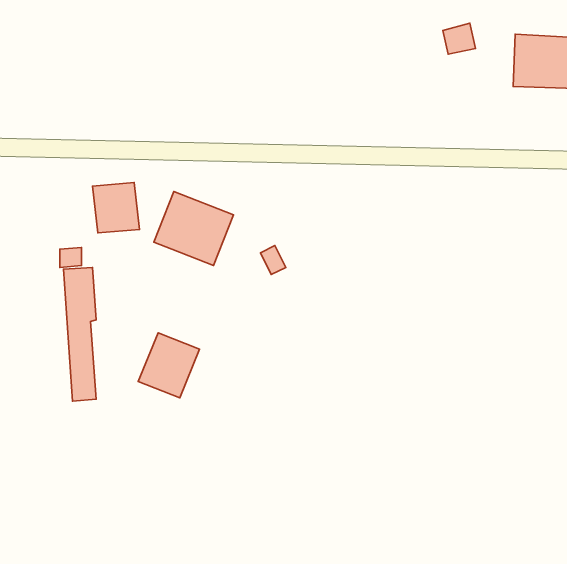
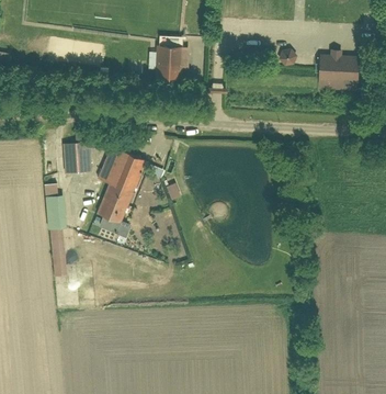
building: none -> [159,43,188,77]
building: [138,333,200,398] -> [99,183,136,223]

